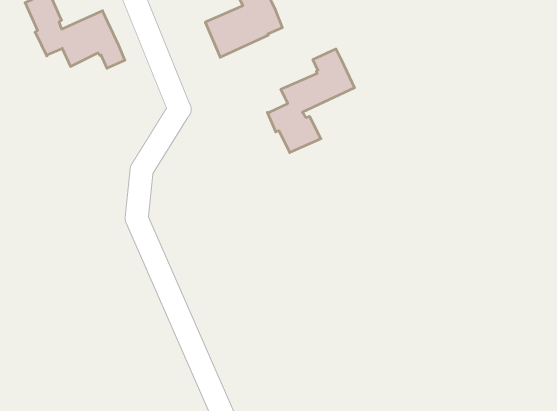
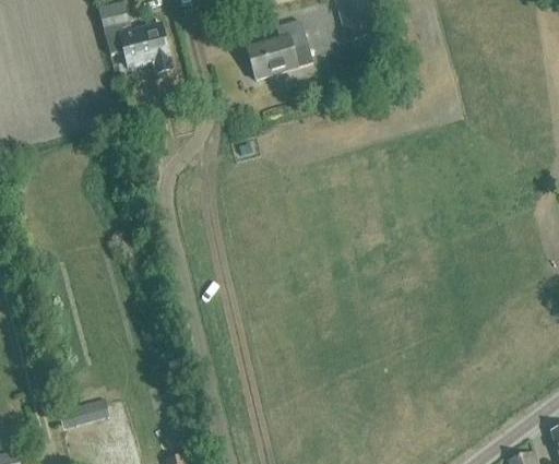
building: [267,49,354,153] -> none

